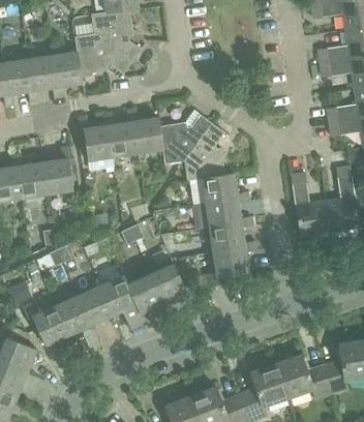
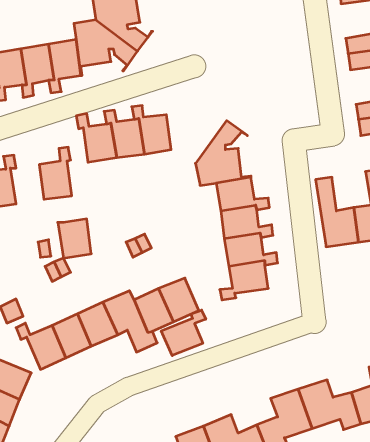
building: [156,110,210,164] -> none
building: [17,162,47,198] -> [58,219,91,258]
building: none -> [161,310,206,356]

